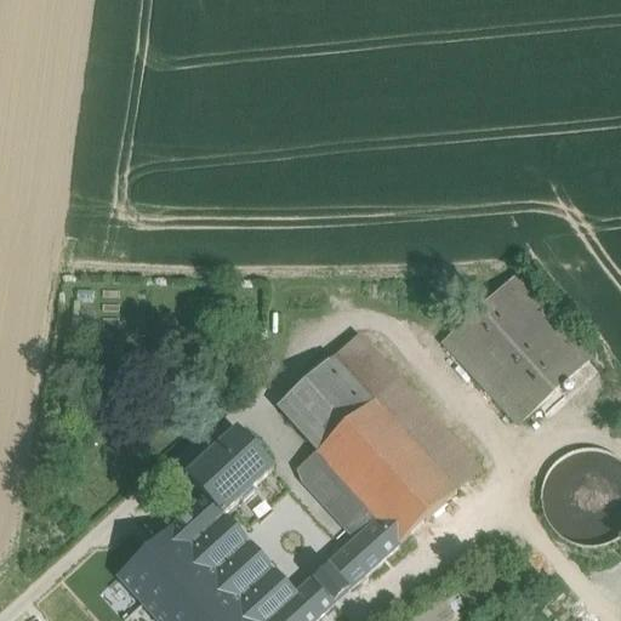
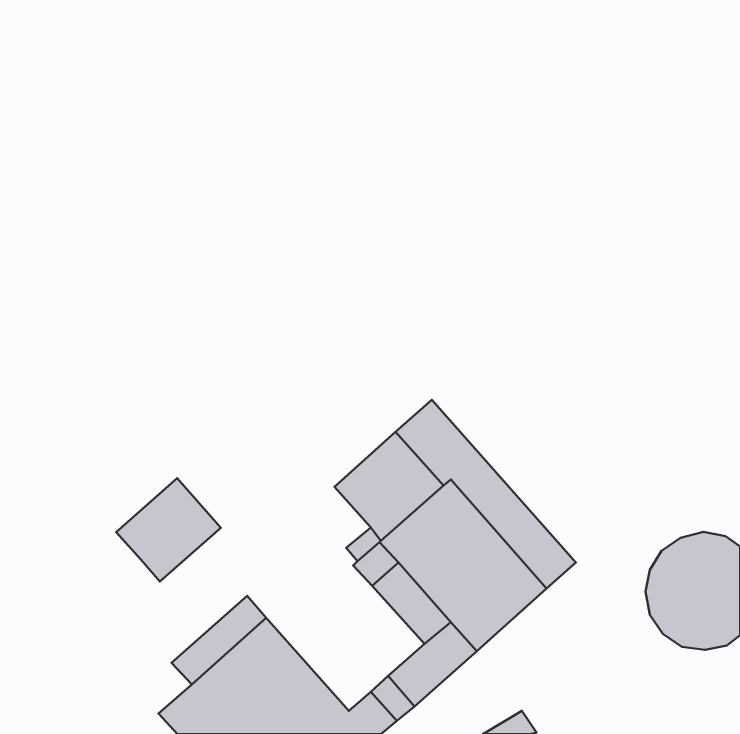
building: [441,273,587,420] -> none
building: [186,429,273,515] -> [116,478,221,581]
building: [116,553,160,596] -> none

